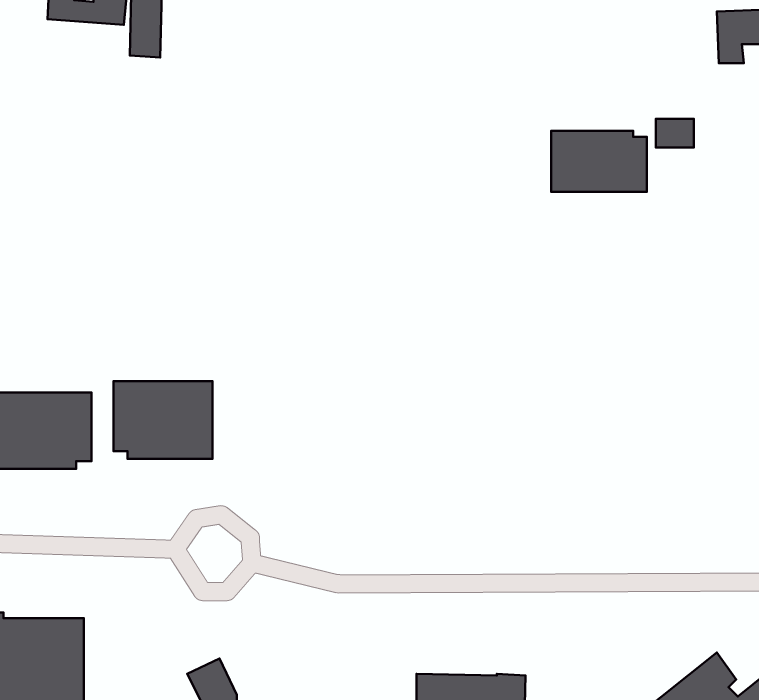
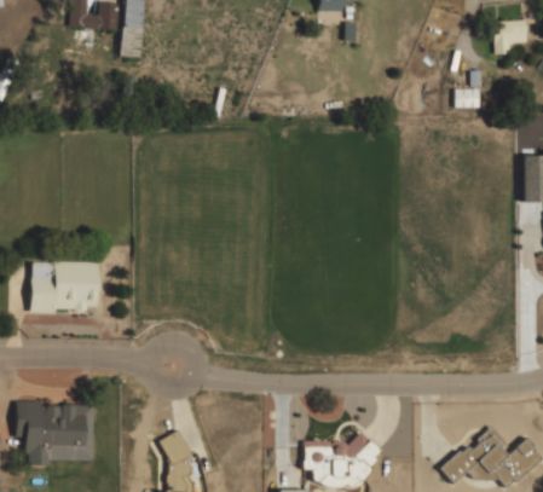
building: [551,131,647,192] -> none
building: [113,381,213,459] -> none

